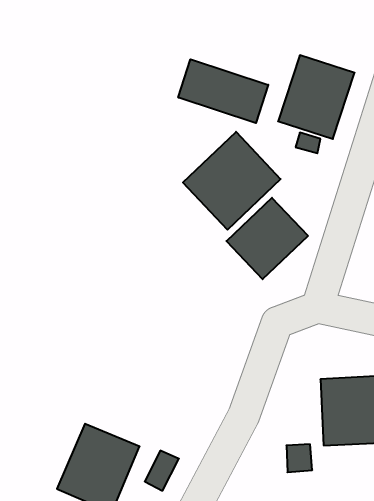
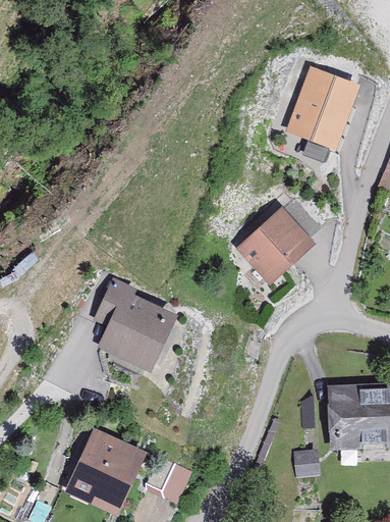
building: [178,59,268,123] -> none
building: [183,132,281,230] -> none
building: none -> [92,278,182,375]

